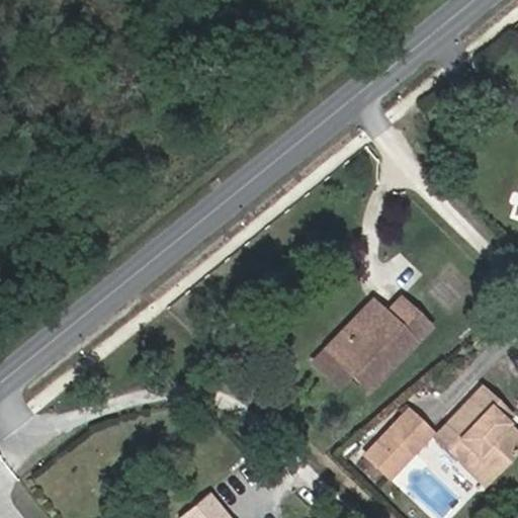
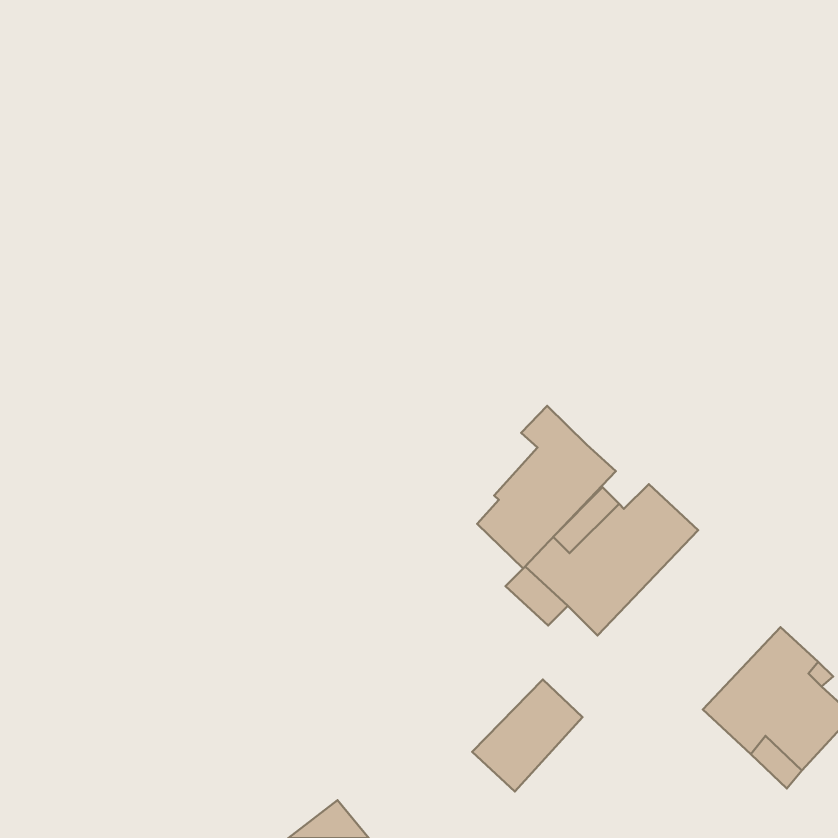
building: none -> [477,406,616,568]
building: [365,409,433,478] -> [472,679,582,791]

